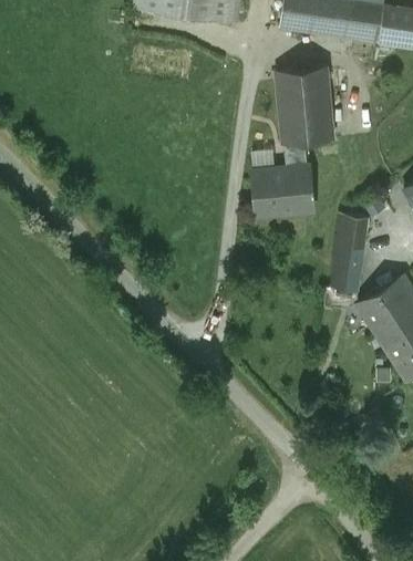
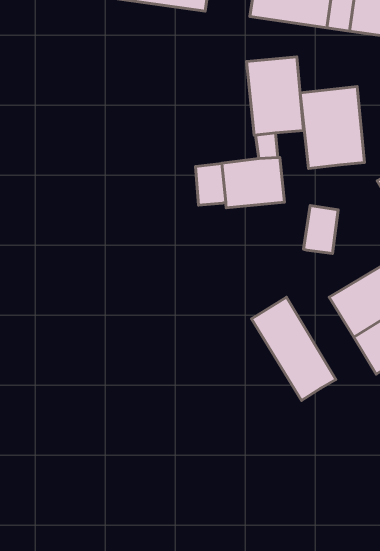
building: none -> [300,86,364,169]
building: none -> [196,164,226,205]
building: [331,258,361,292] -> none
building: none -> [251,297,336,401]

